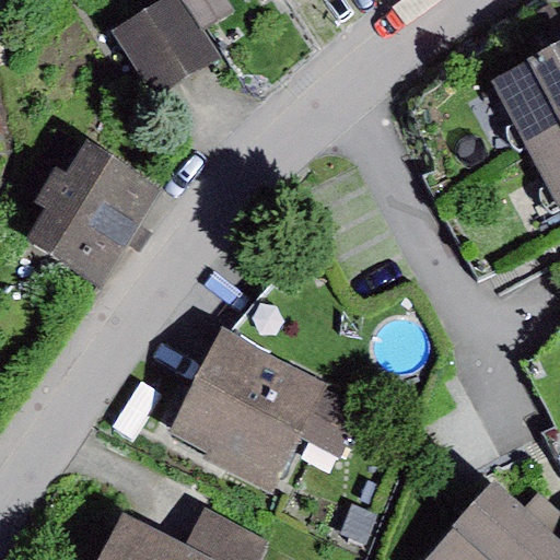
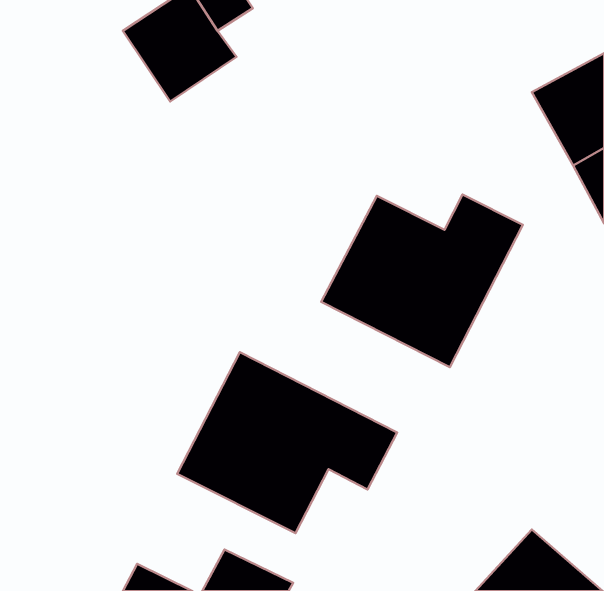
building: [20,122,156,294] -> none
building: none -> [321,195,523,367]

